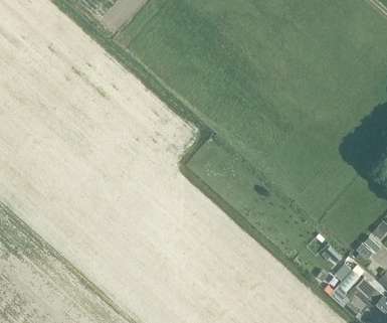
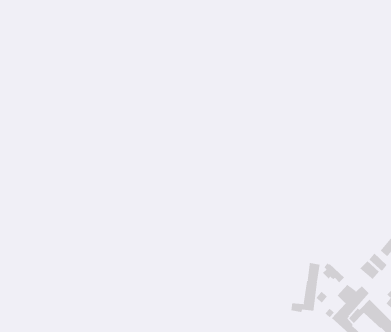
building: none -> [291,262,320,313]

